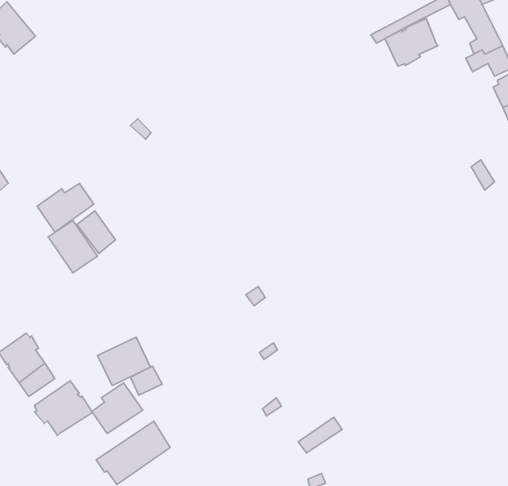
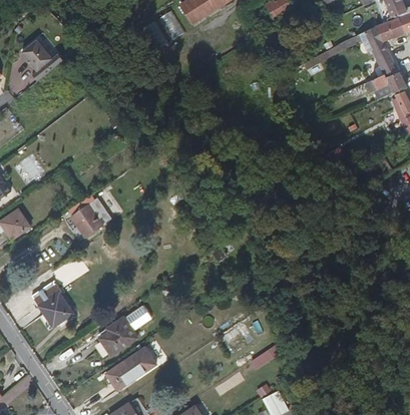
building: [385,19,438,66] -> none
building: [37,184,94,232] -> none
building: [97,337,151,385] -> none
building: [34,381,92,435] -> none

